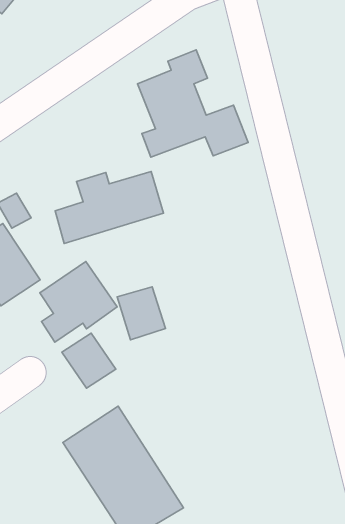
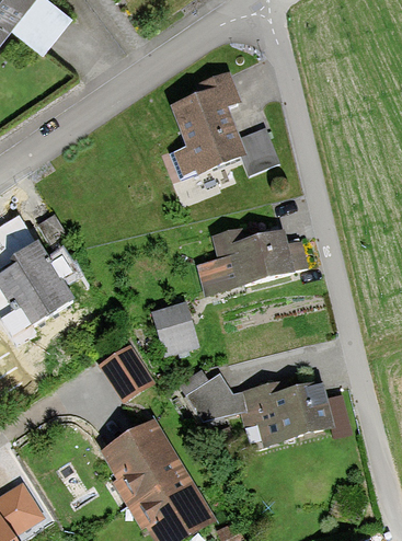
building: [55,171,163,244] -> [193,228,298,298]
building: [40,261,117,342] -> none
building: none -> [186,373,335,445]

